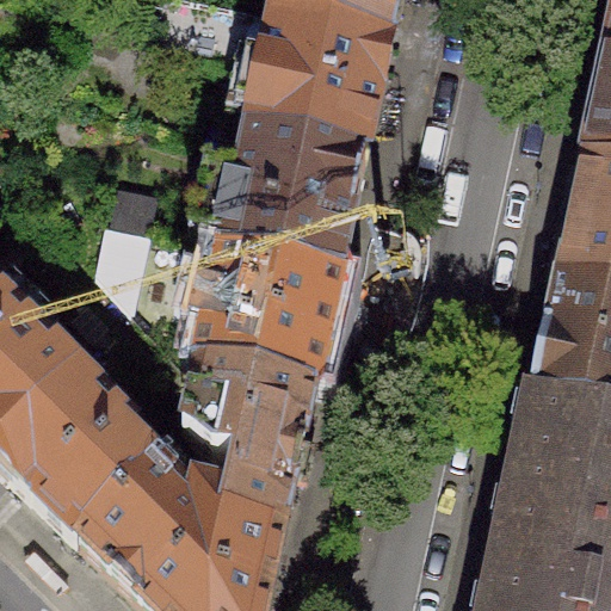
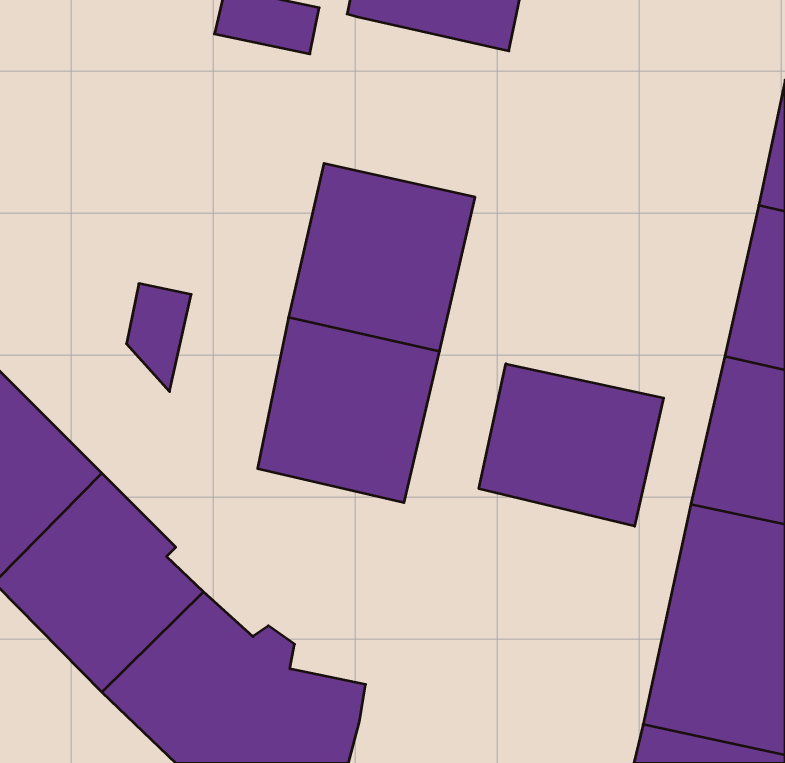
building: [251,13,394,153] -> none
building: none -> [479,364,664,526]
building: [185,363,313,530] -> none

